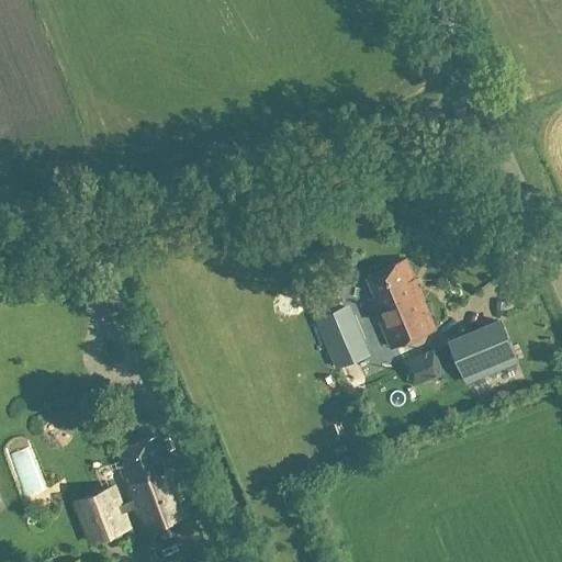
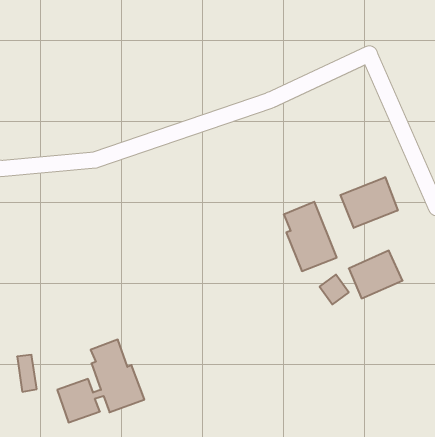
building: none -> [340,177,398,228]
building: [316,303,374,367] -> none

